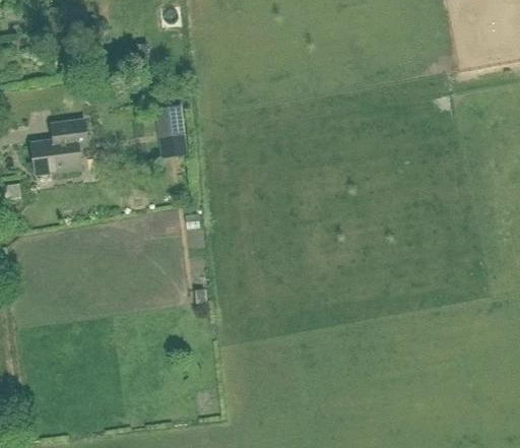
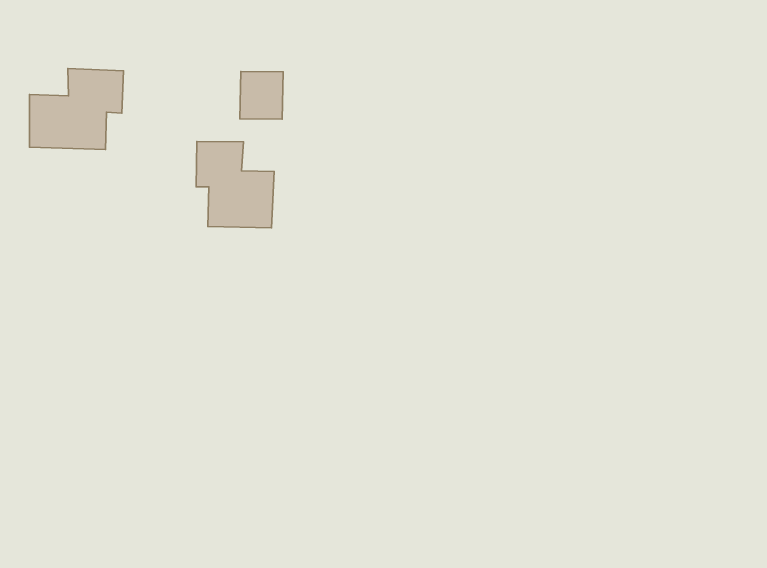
building: none -> [196,141,274,228]

